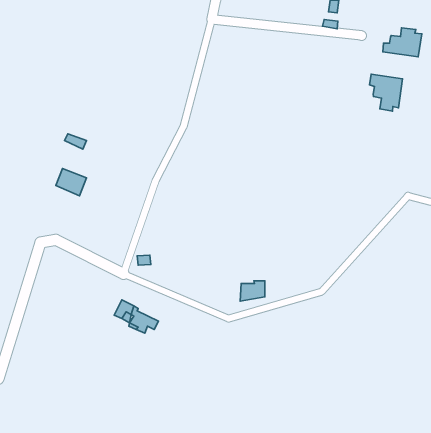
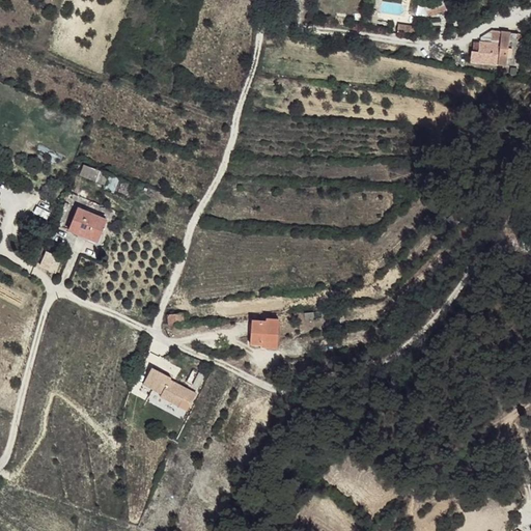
building: [369,74,403,111] -> none
building: [240,281,265,301] -> [252,316,282,341]

